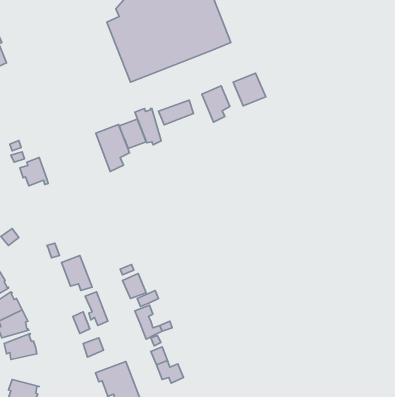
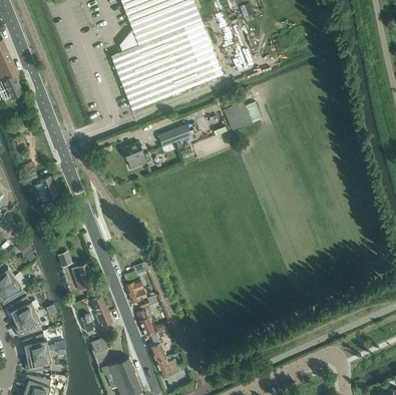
building: [202,86,230,122] -> none
building: [135,108,161,145] -> none
building: [96,124,130,172] -> none
building: none -> [24,351,51,371]

